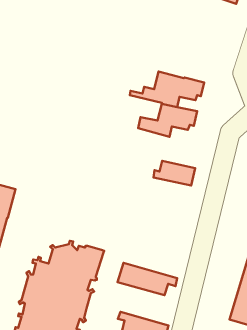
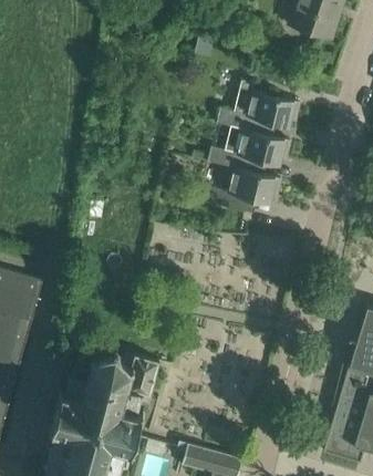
building: none -> [217,87,300,136]
building: [153,161,195,185] -> none
building: [117,263,177,295] -> none

